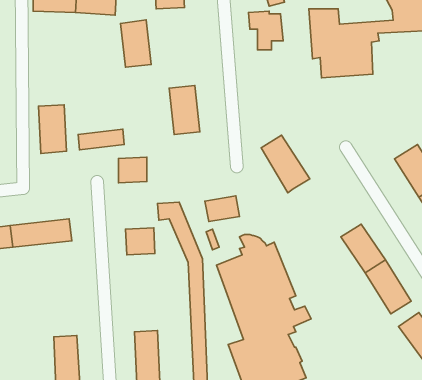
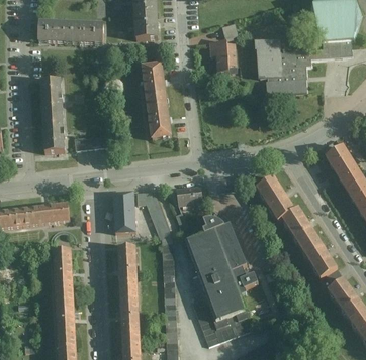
building: [120,20,151,67] -> [142,63,166,100]
building: none -> [39,78,63,114]
building: [261,135,310,193] -> [256,174,294,220]
building: [119,157,147,183] -> [111,191,133,211]
building: none -> [116,245,136,291]
building: none -> [53,248,73,295]

